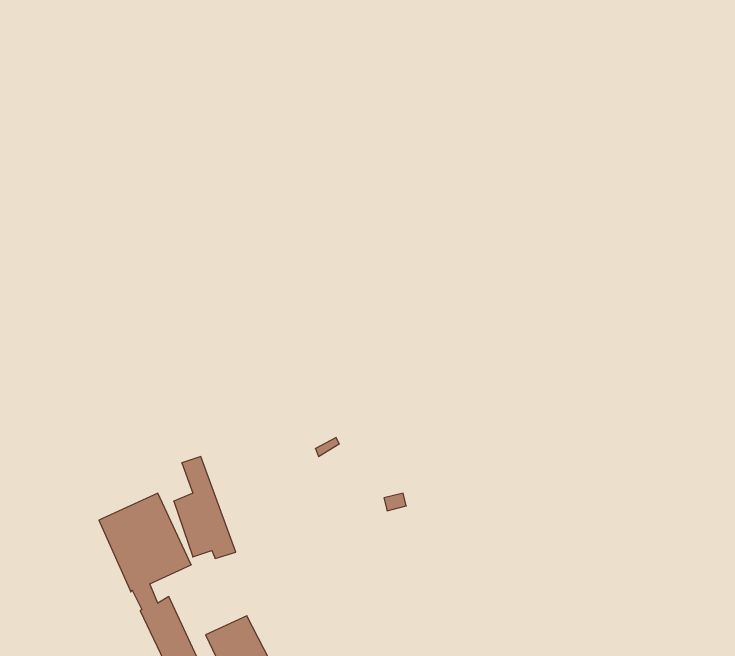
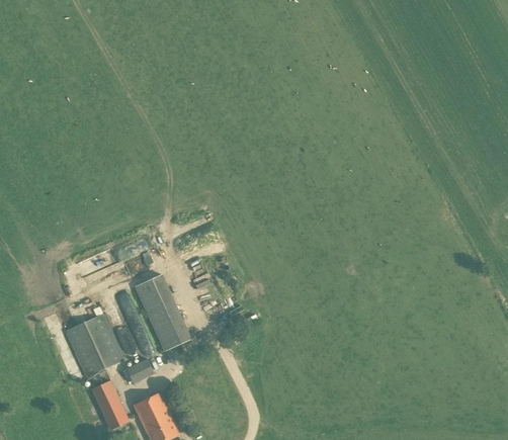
building: none -> [135,275,191,352]
building: none -> [125,359,154,384]

